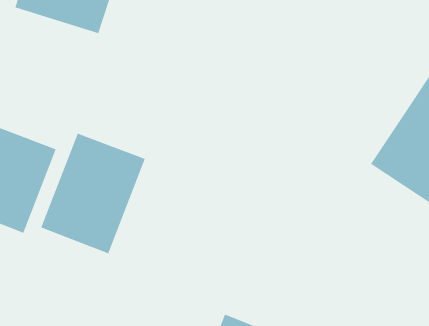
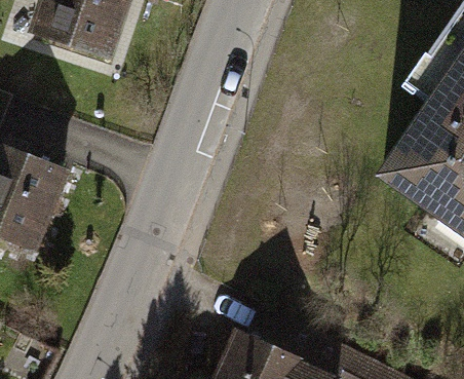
building: [40,133,145,254] -> none

